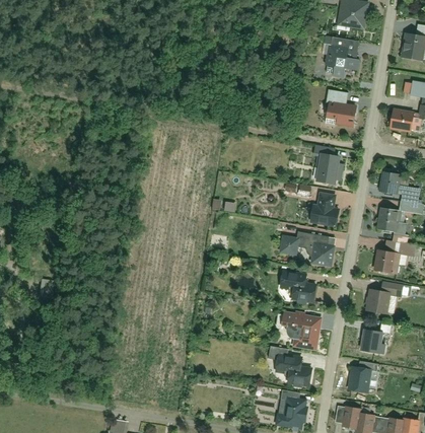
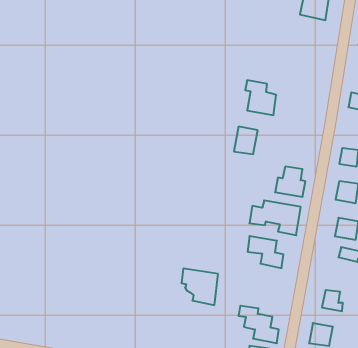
building: [323,45,358,79] -> none
building: [324,89,358,128] -> [245,80,276,115]
building: [315,152,342,183] -> [234,127,258,154]
building: [365,290,391,315] -> none
building: [281,309,322,350] -> [181,269,218,305]

